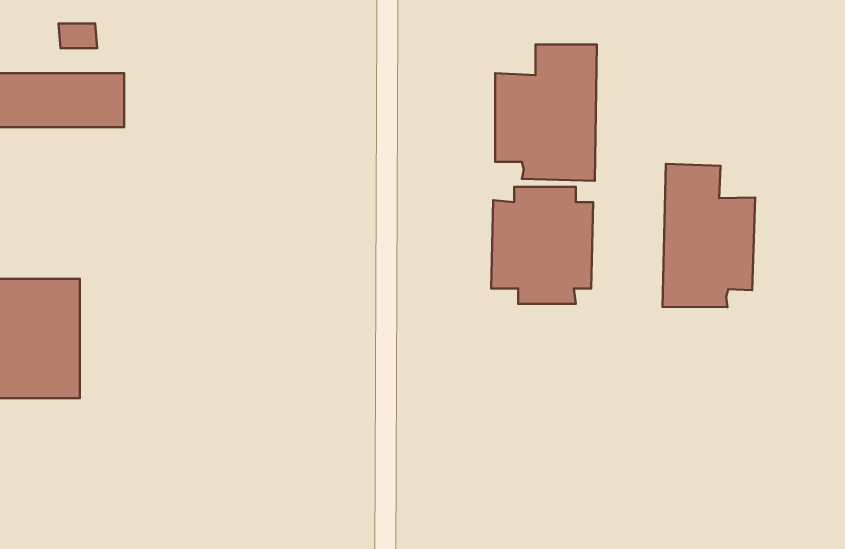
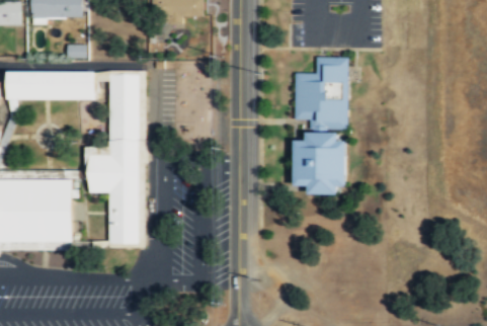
building: none -> [87,70,140,243]
building: [663,164,755,307] -> none

